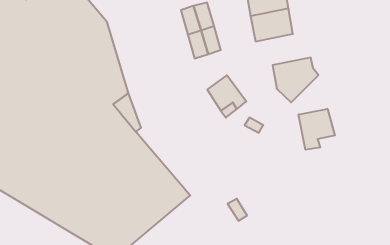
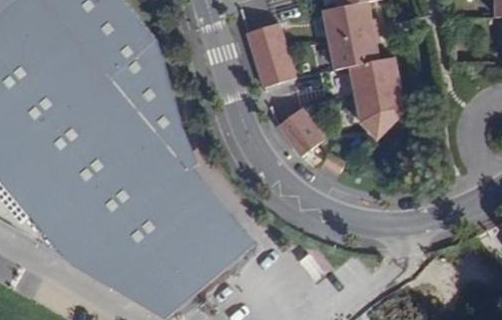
building: none -> [348,50,398,90]
building: [299,109,335,150] -> none

